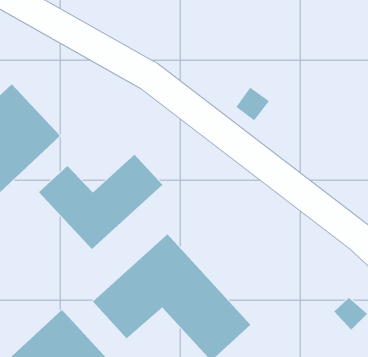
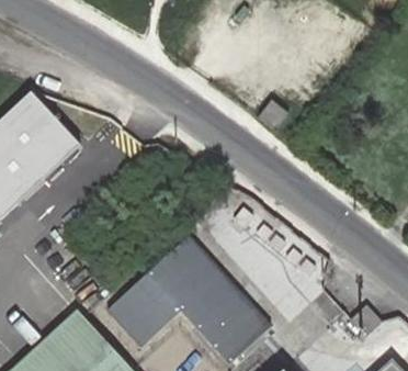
building: [38,154,163,250] -> none

